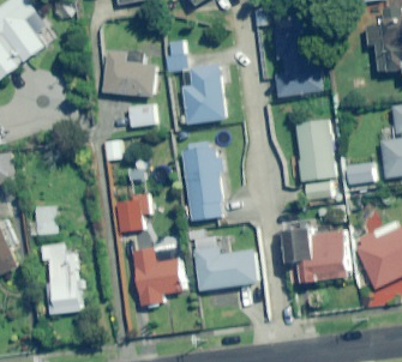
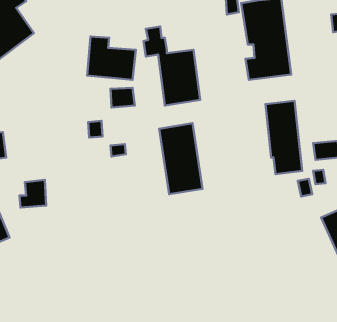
building: [114,194,149,231] -> none
building: [282,222,349,284] -> none
building: [42,243,83,314] -> none
building: [132,246,182,307] -> none
building: [193,246,257,290] -> none

